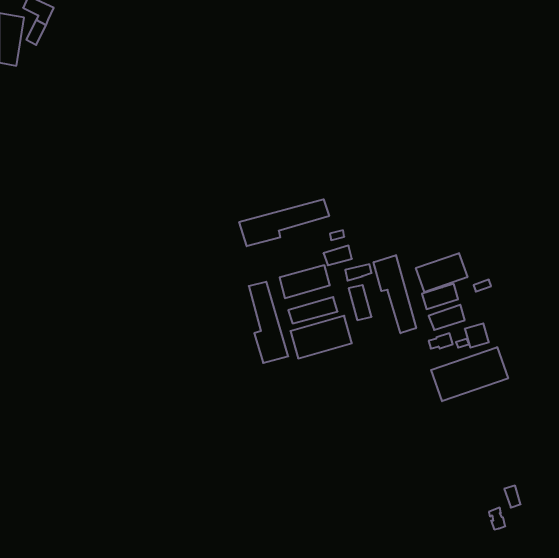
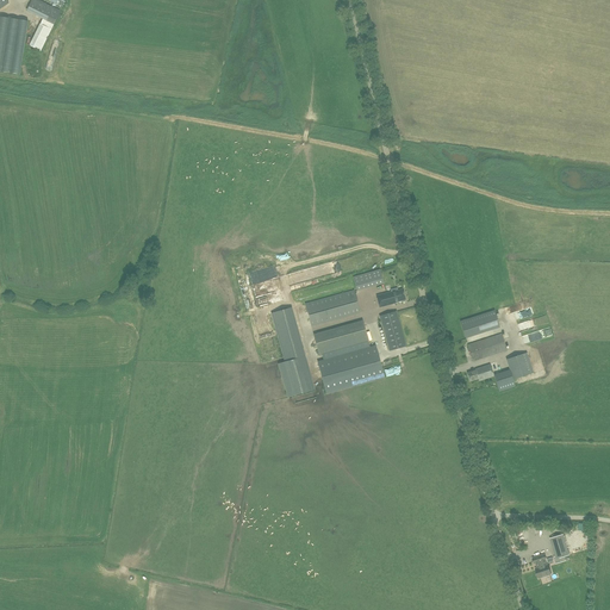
building: [239,199,329,246] -> none
building: [416,253,467,292] -> none
building: [374,255,416,333] -> none
building: [431,347,508,401] -> none

